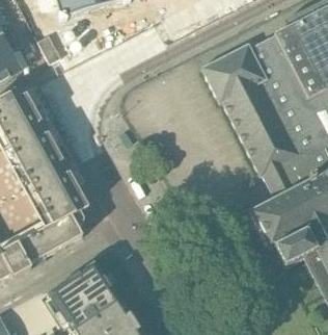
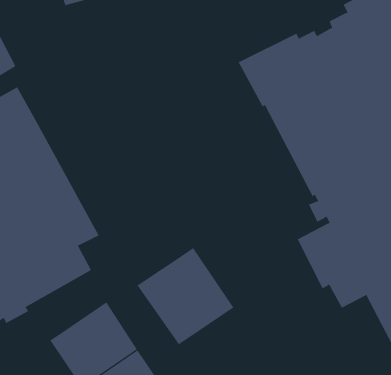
building: none -> [137,247,234,345]

